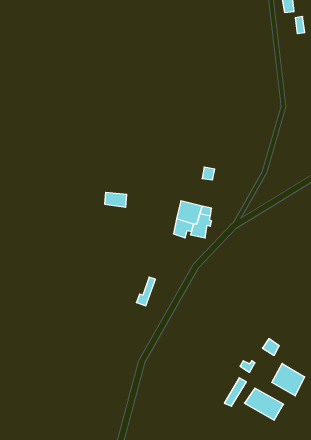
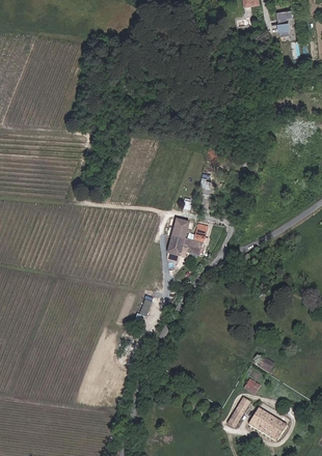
building: [272,363,305,396] -> none

